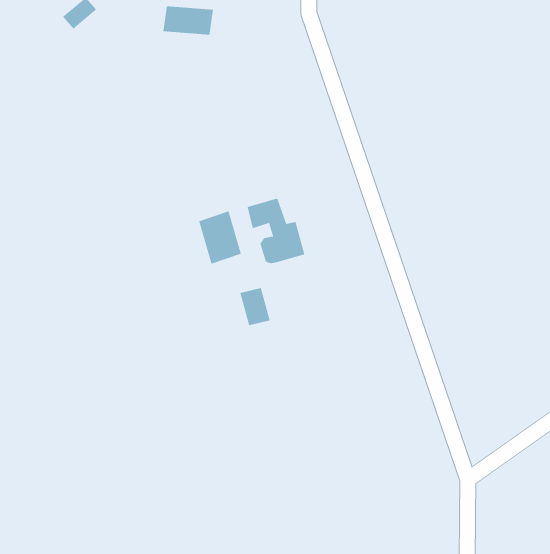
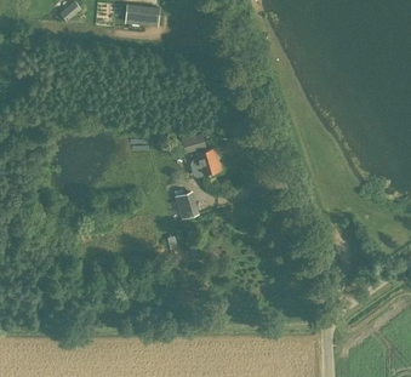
building: [199,211,241,265] -> none

